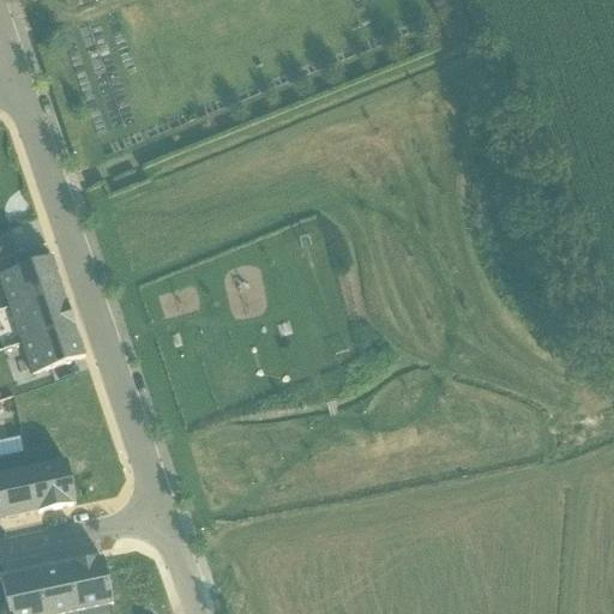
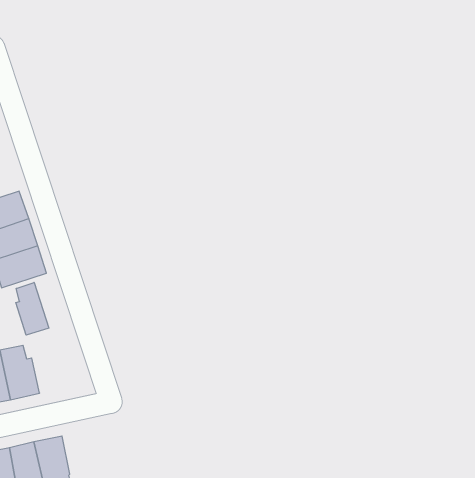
building: none -> [16,282,49,335]

